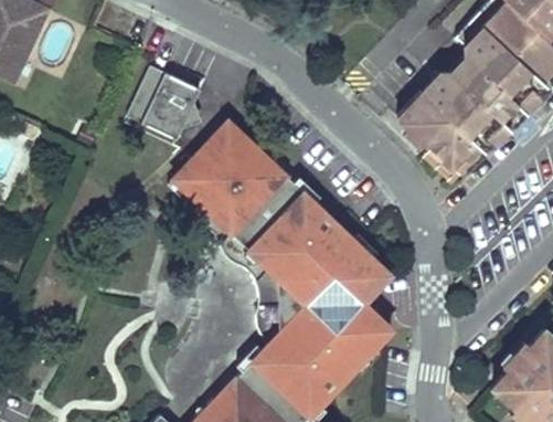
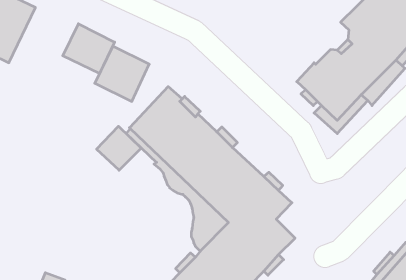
building: none -> [63,24,115,74]
building: none -> [97,126,141,170]

